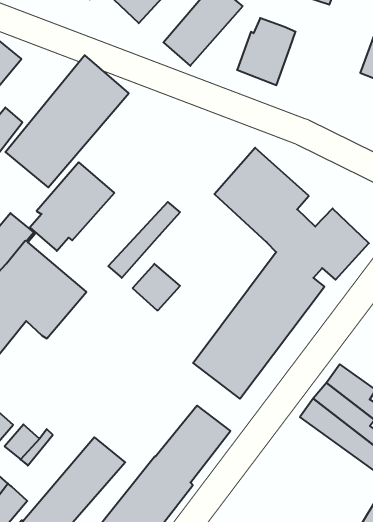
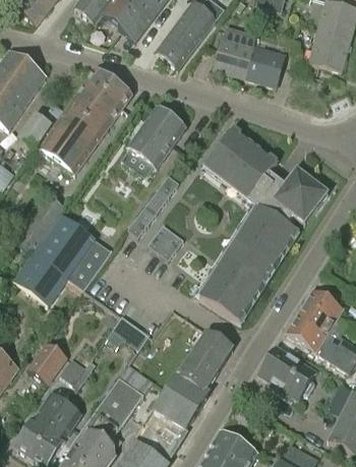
building: none -> [246,47,285,85]
building: [30,162,114,251] -> [123,106,186,176]
building: none -> [109,315,151,350]
building: none -> [262,346,317,400]

